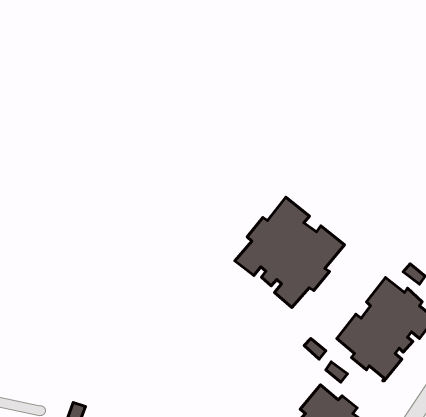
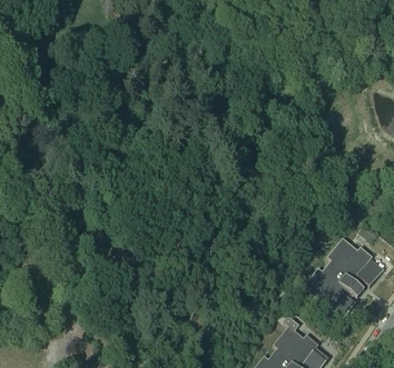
building: [235,197,345,307] -> none

